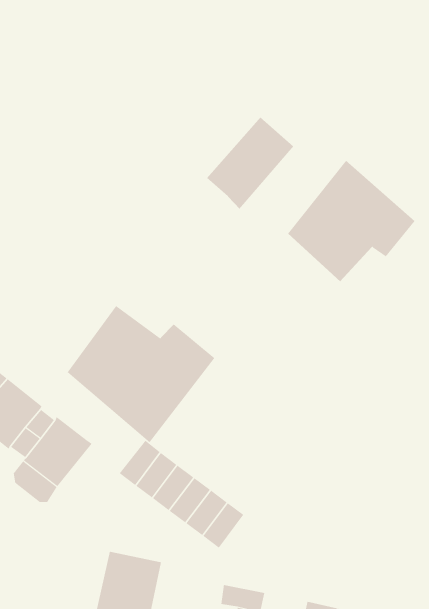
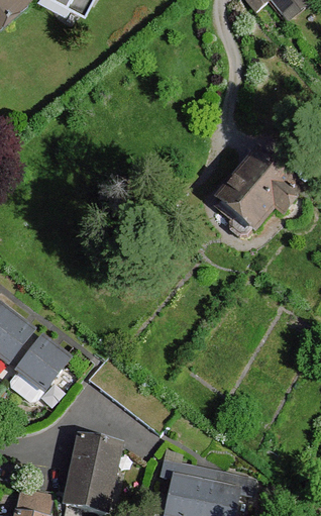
building: [206,116,294,210] -> none
building: [67,305,215,443] -> none

